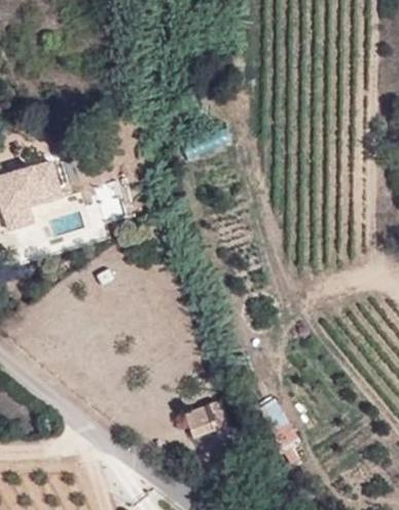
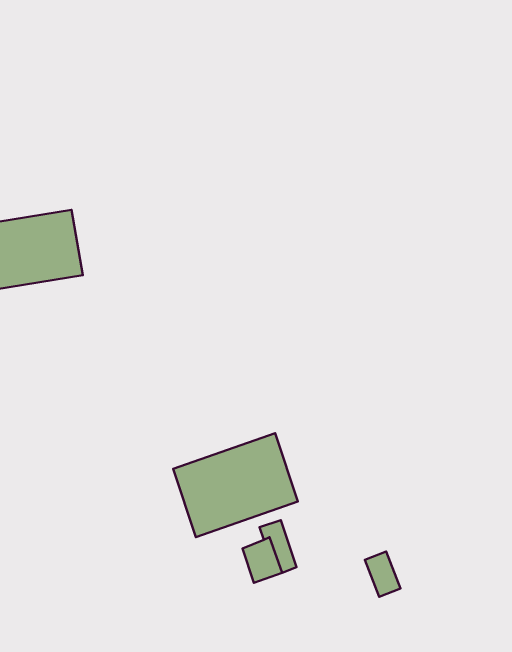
building: none -> [173,433,298,537]

